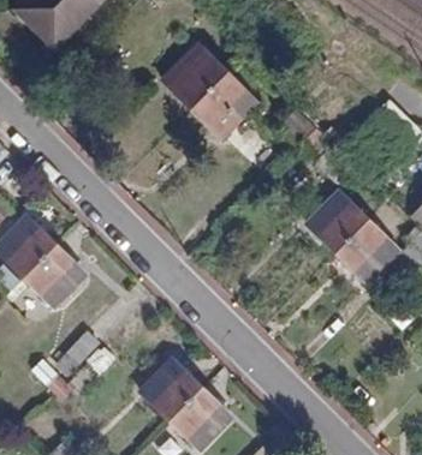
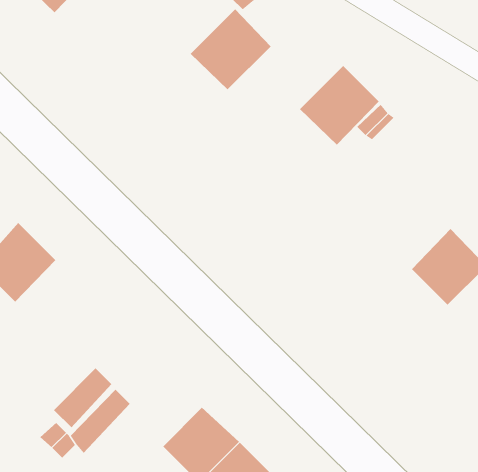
building: [192,76,256,139] -> [299,65,379,145]
building: [308,191,369,252] -> none
building: [24,245,88,309] -> none

